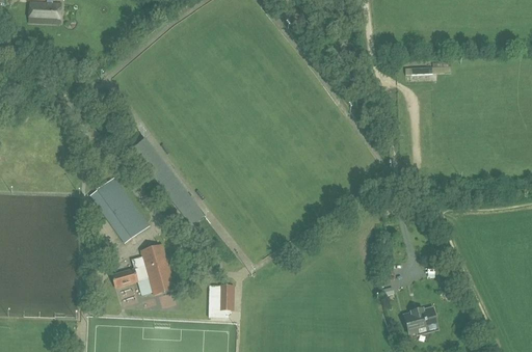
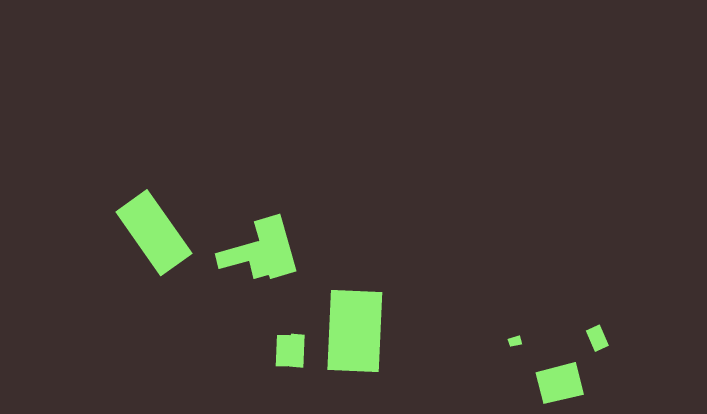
building: [112,243,175,293] -> [214,213,297,280]
building: none -> [327,289,383,373]

